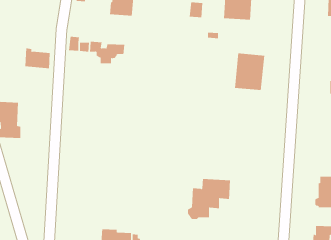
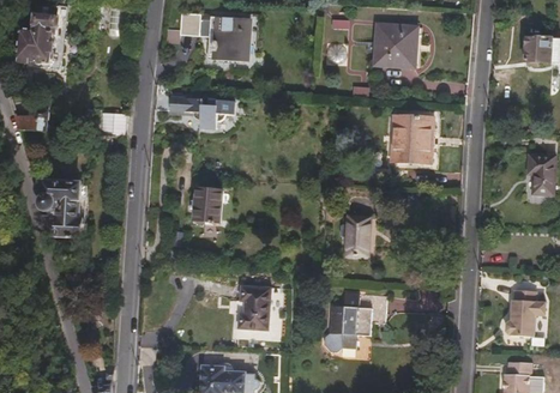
building: none -> [195,189,223,220]
building: none -> [348,217,369,255]
building: none -> [236,288,271,333]

